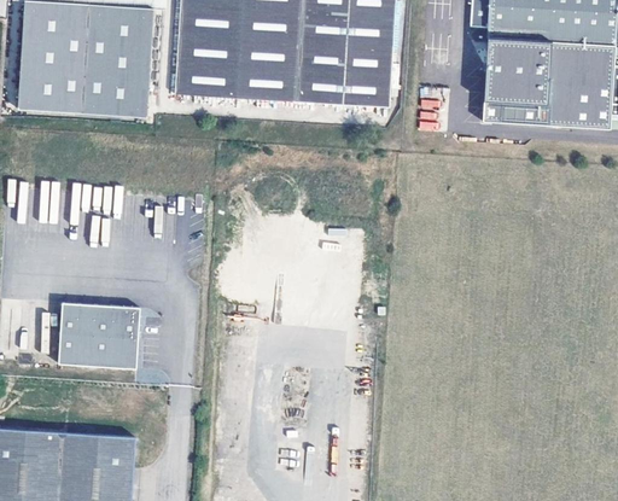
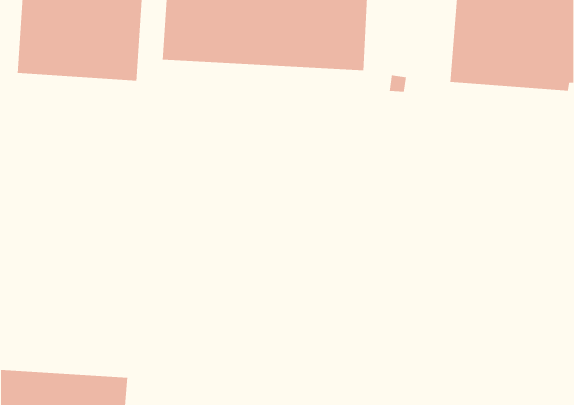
building: [57,303,138,368] -> none

